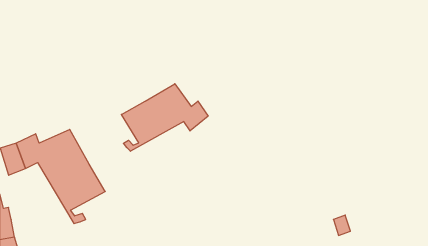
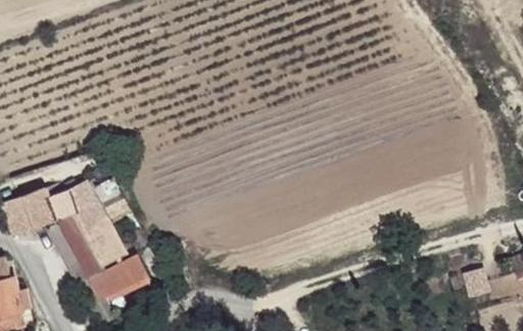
building: [121,84,208,151] -> none
building: none -> [97,255,155,302]

